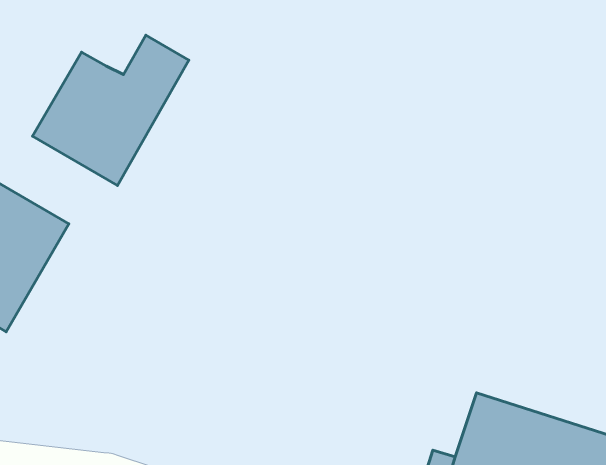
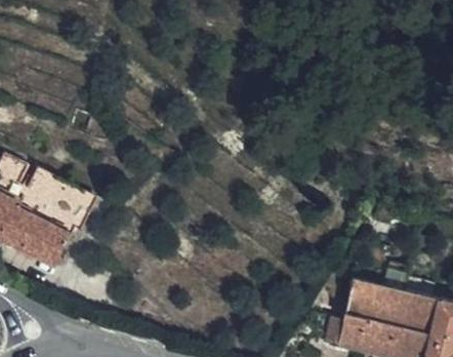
building: [33,35,189,186] -> none

